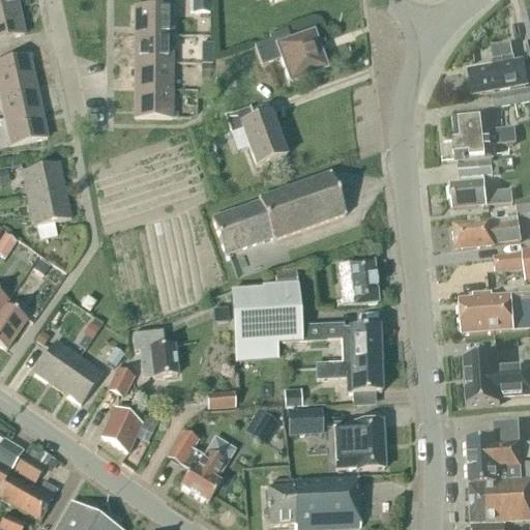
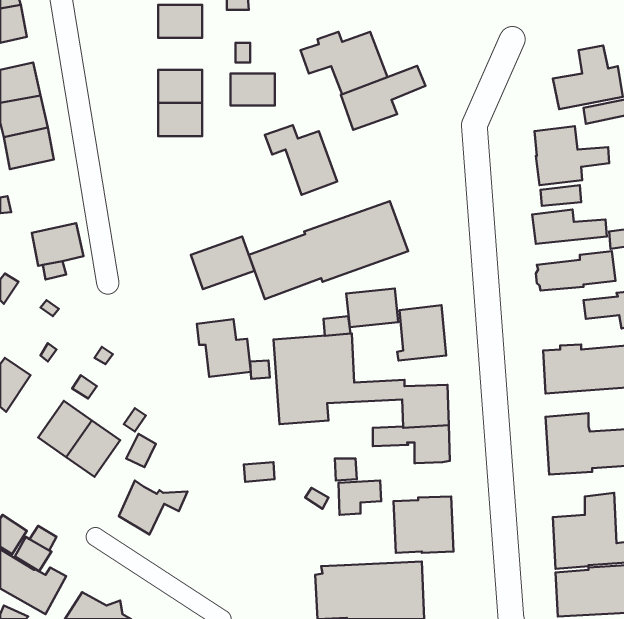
building: [136,32,173,59] -> [231,74,275,105]
building: none -> [341,66,425,130]
building: [23,160,66,197] -> none
building: none -> [191,236,254,289]
building: none -> [346,289,398,327]
building: [132,327,178,376] -> [197,319,251,377]
building: [169,430,235,501] -> none

